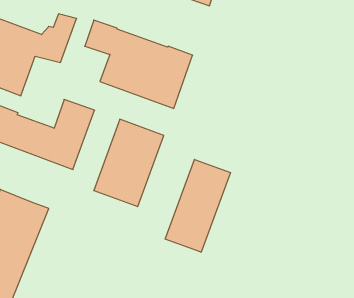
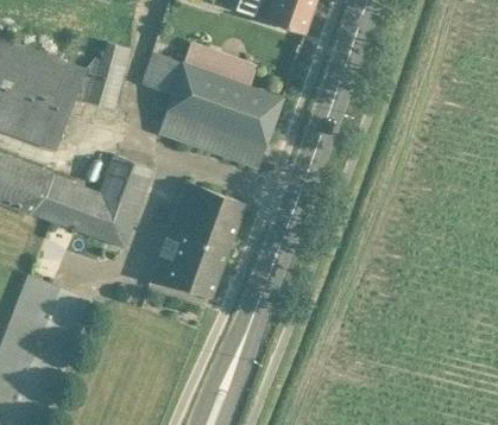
building: none -> [182,43,256,87]
building: [165,159,230,252] -> none

